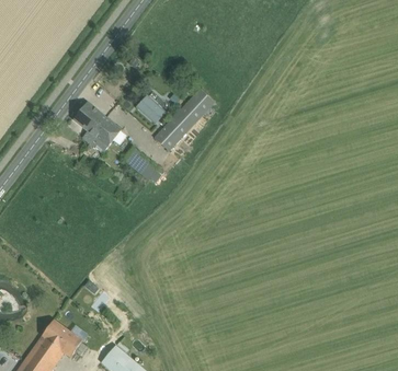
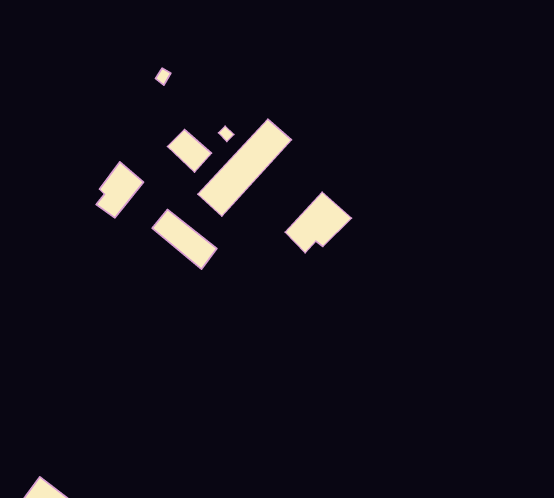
building: [71,102,104,143] -> none
building: none -> [285,192,352,253]

